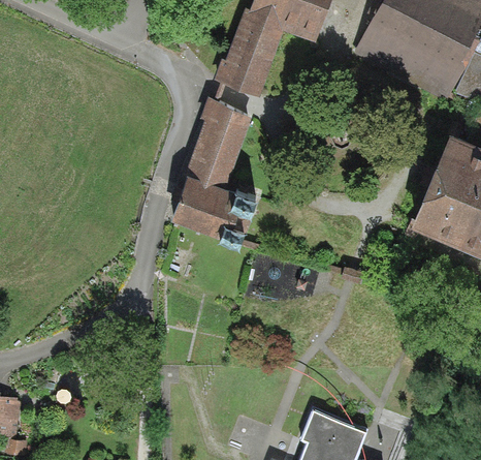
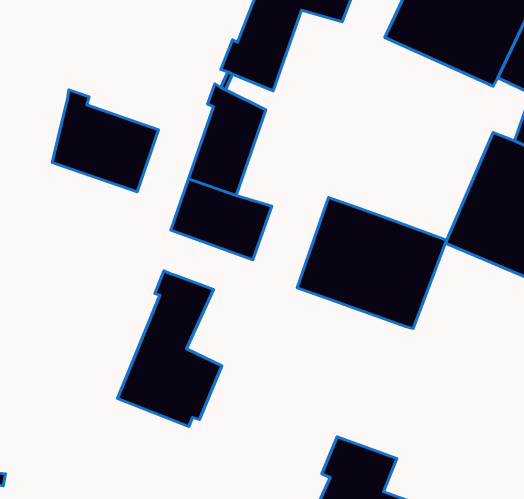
building: none -> [52,90,158,192]
building: none -> [297,197,447,329]
building: none -> [118,271,222,426]

